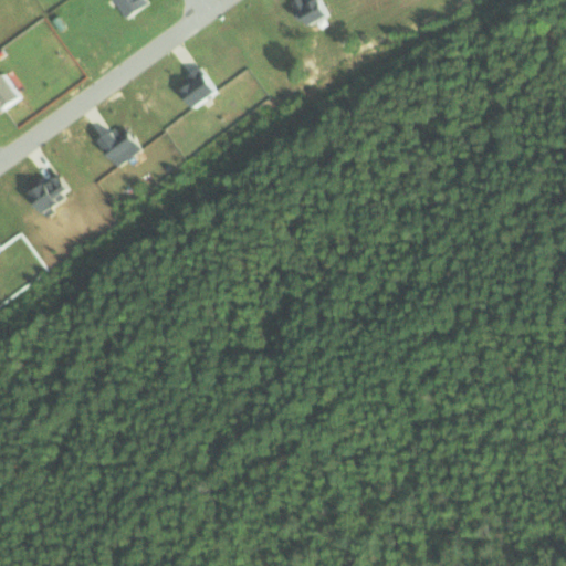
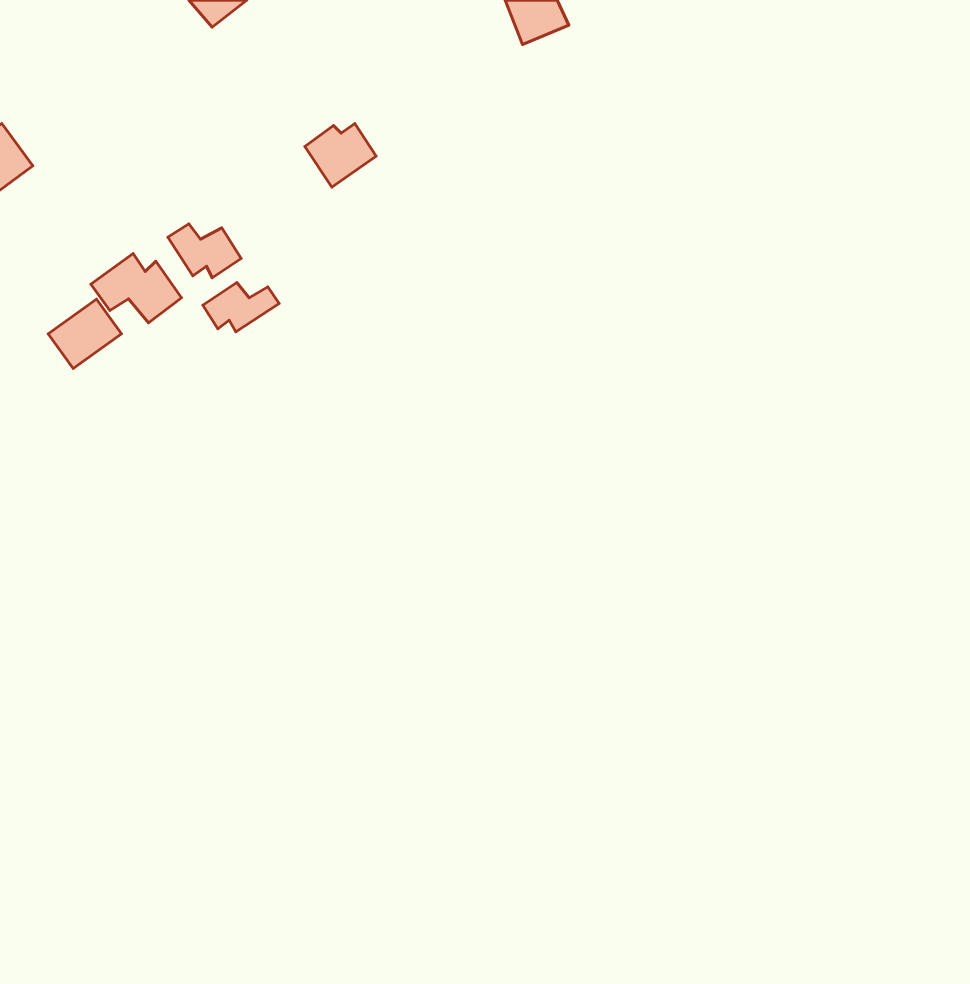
building: none -> [91,254,182,323]
building: none -> [203,283,279,332]

